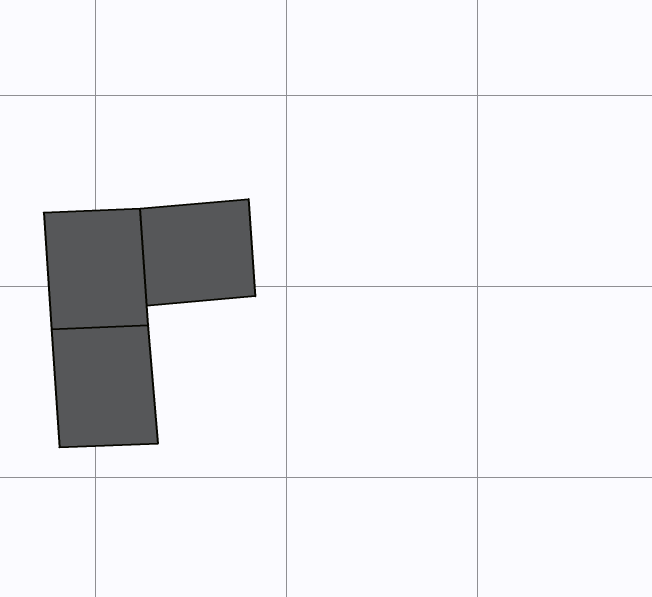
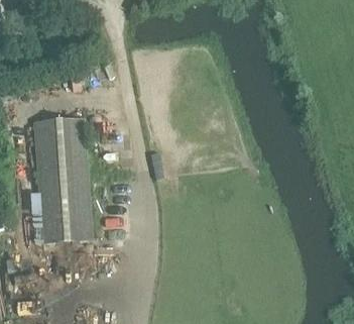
building: [140,199,255,306] -> none

